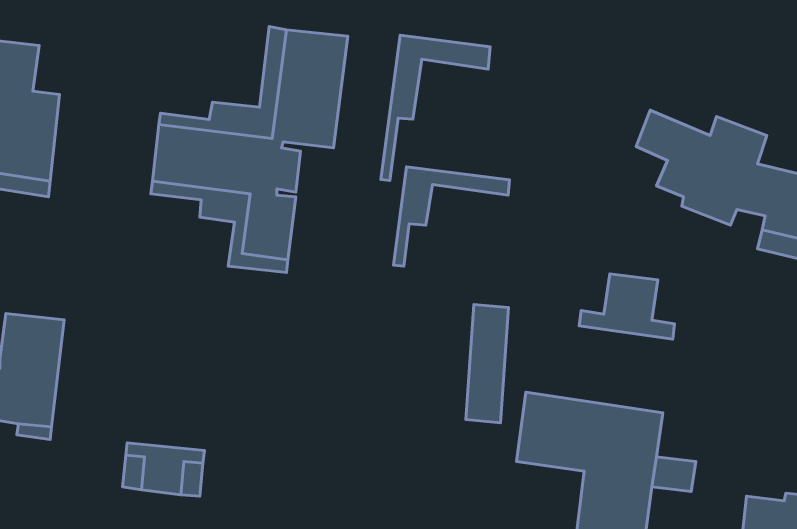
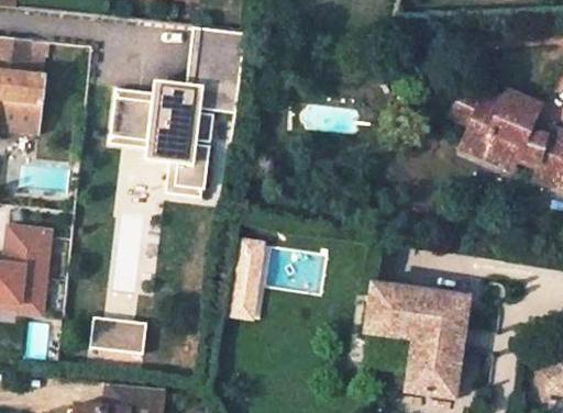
building: [381,35,490,181] -> none
building: [393,167,509,266] -> none
building: [579,274,675,339] -> none
building: [466,304,509,423] -> [236,233,266,315]

